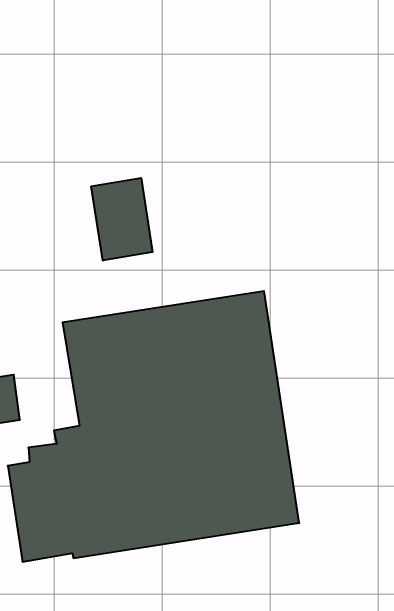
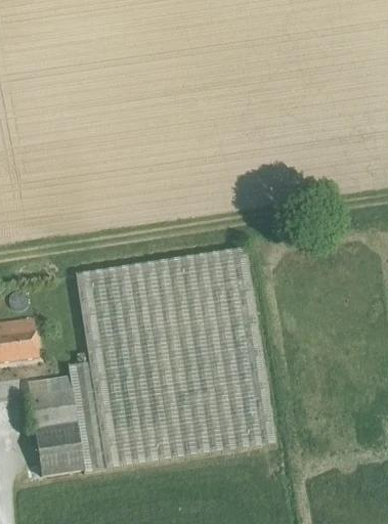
building: [91,178,153,261] -> none

